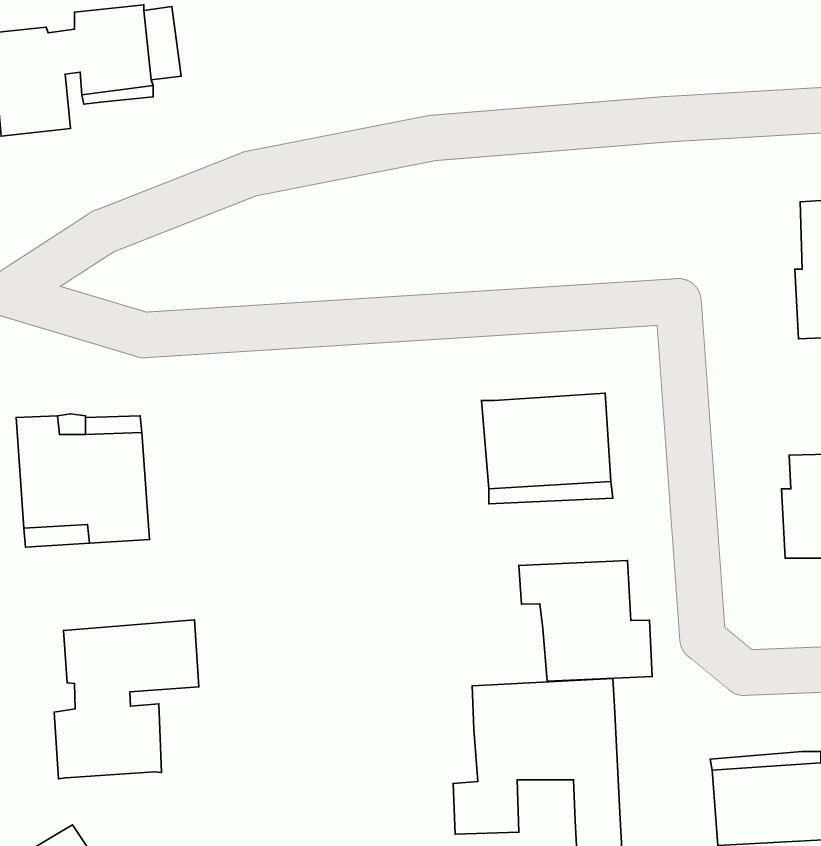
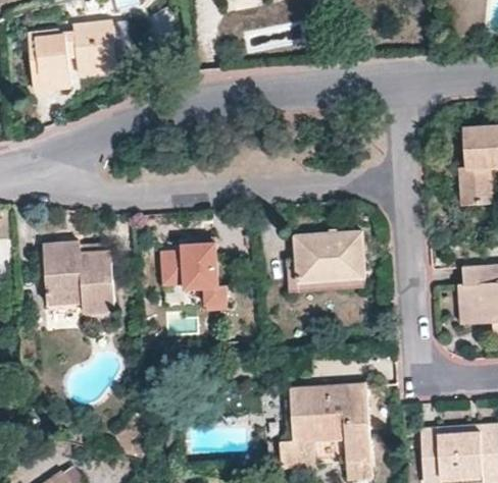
building: none -> [162,242,230,309]
building: [519,560,652,681] -> none
building: [54,620,199,779] -> none

